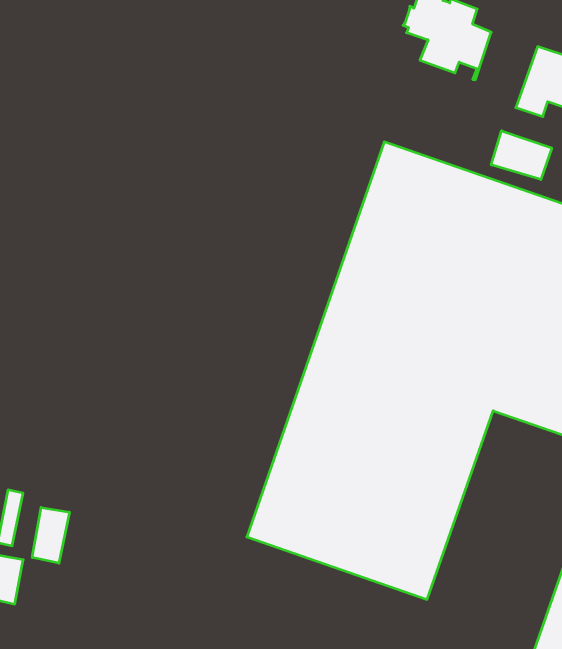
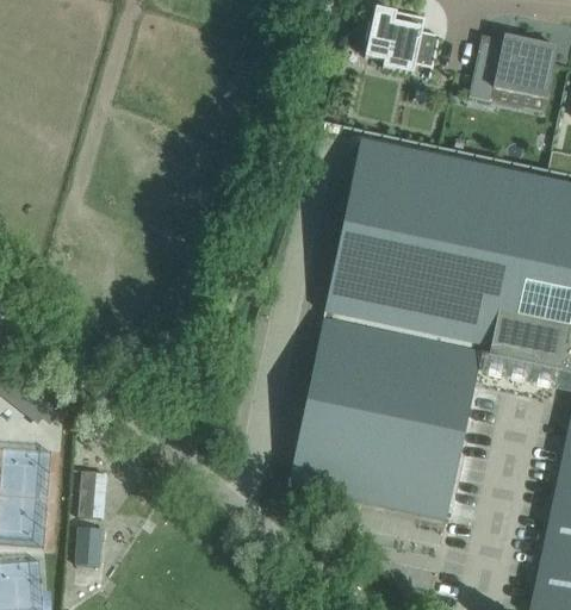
building: [491,131,552,180] -> none
building: [32,507,69,563] -> none

